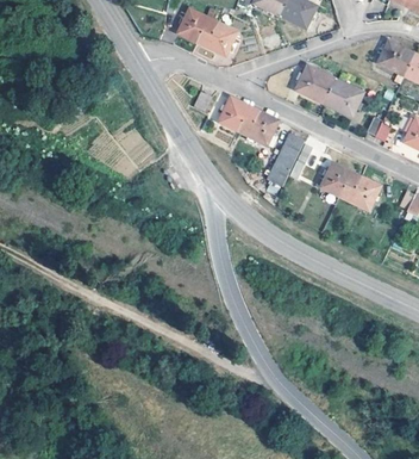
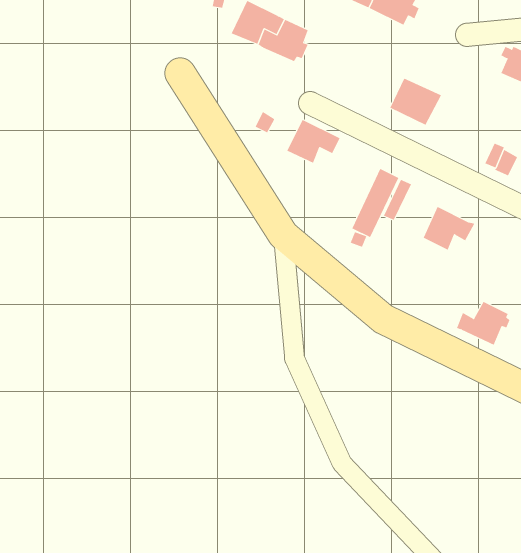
building: [324,80,363,117] -> none
building: [239,112,277,144] -> none
building: [340,176,381,210] -> [456,301,510,346]

